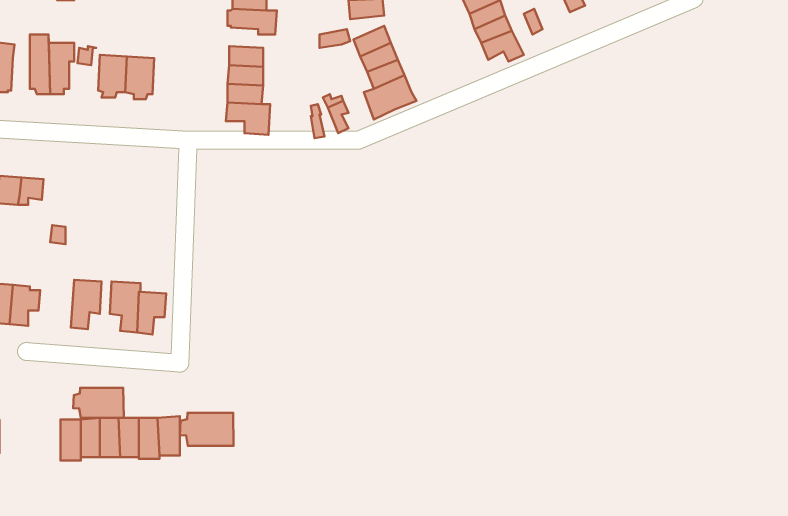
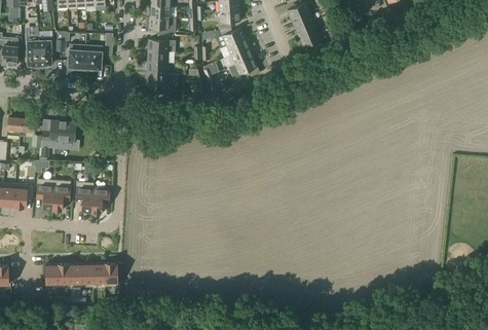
building: none -> [42,121,76,145]
building: none -> [36,179,53,210]
building: [73,388,124,418] -> none
building: [180,413,234,446] -> none

